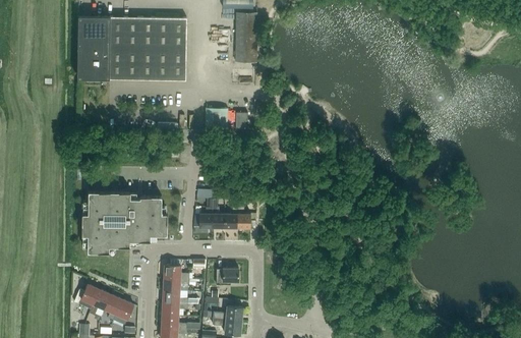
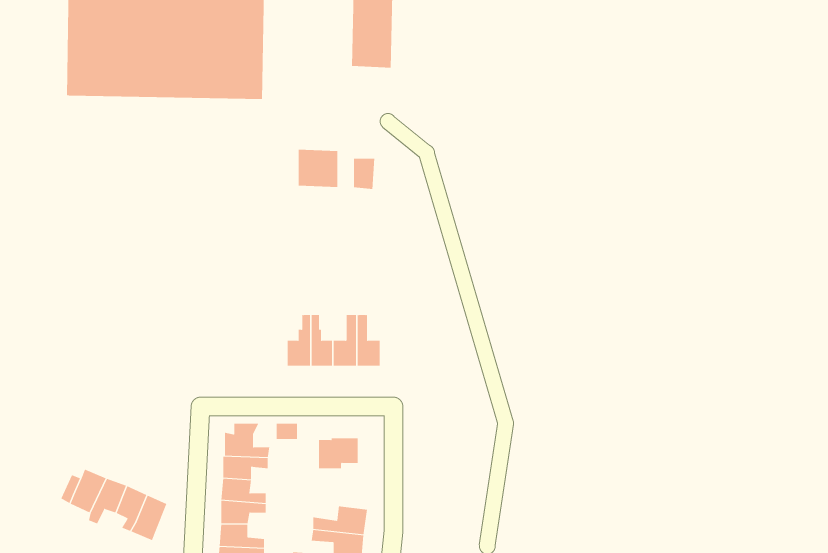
building: [82,192,168,254] -> none

